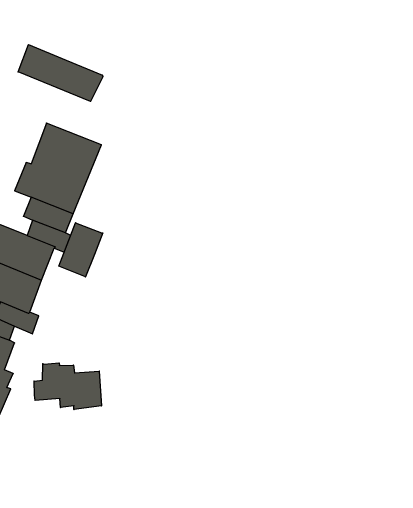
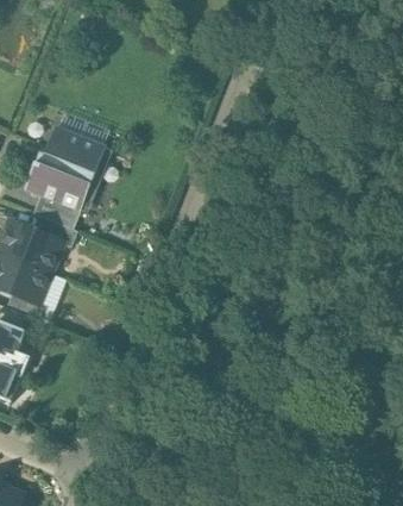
building: [18,45,103,101] -> none
building: [59,223,103,277] -> none
building: [34,363,101,410] -> none

